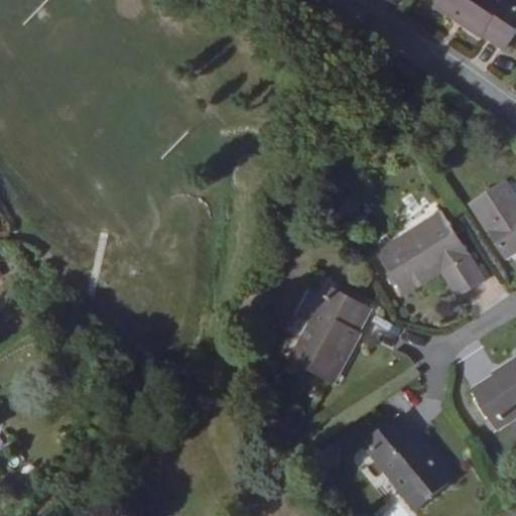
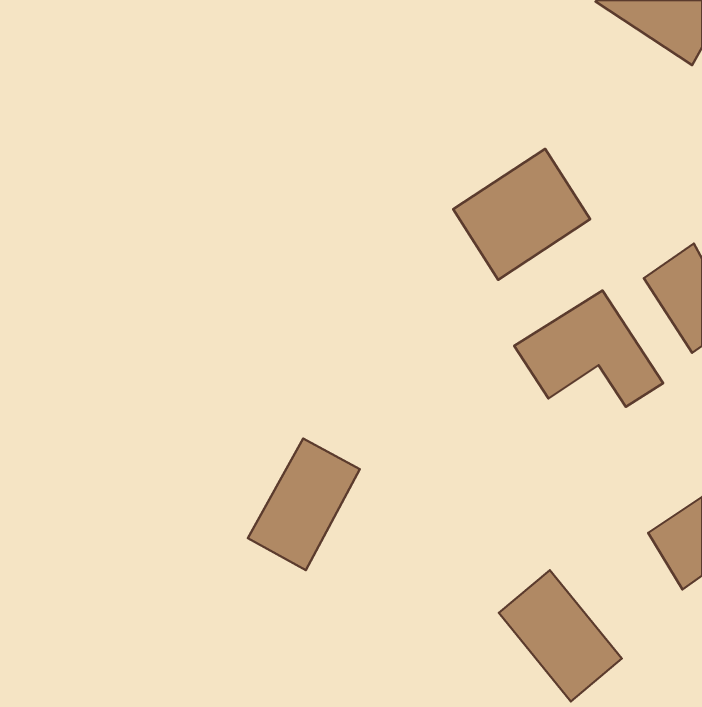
building: none -> [453,149,590,280]
building: [288,287,370,383] -> [248,439,360,570]

